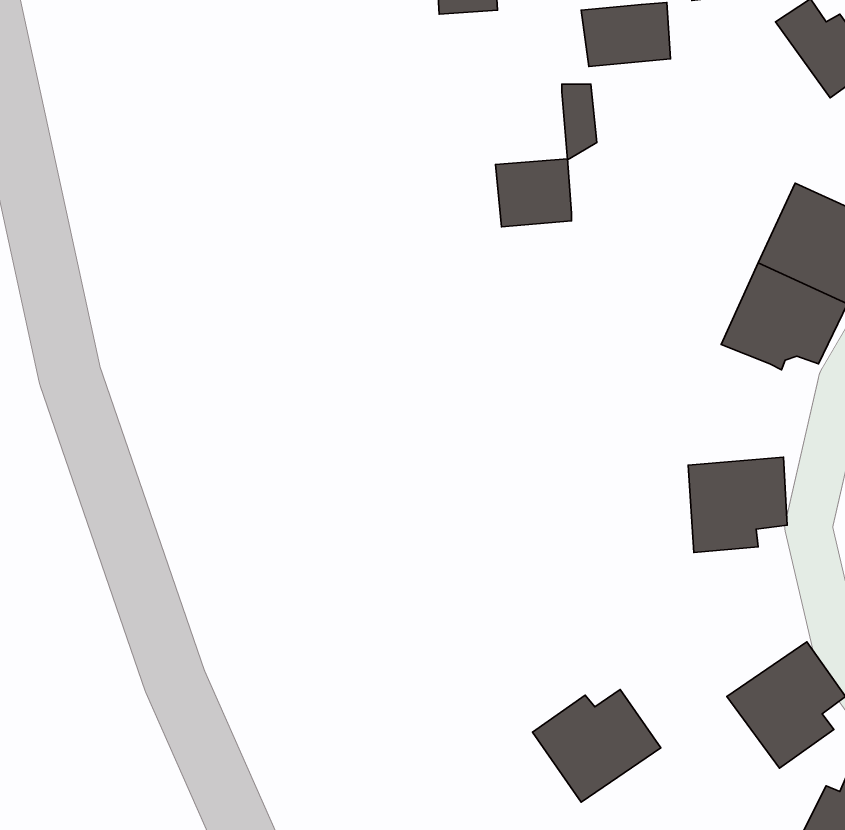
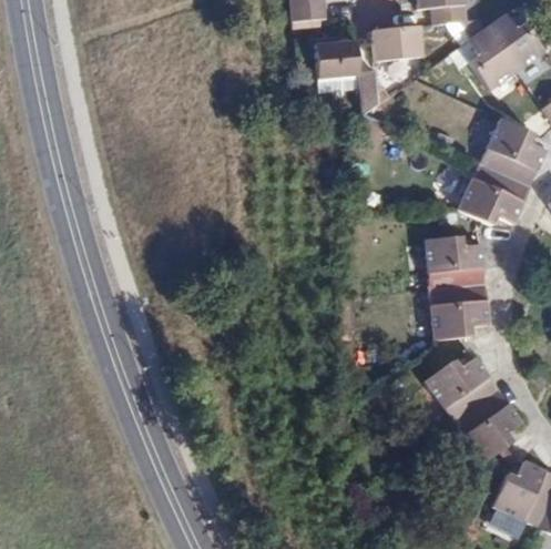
building: none -> [461,34,512,98]
building: [496,159,571,227] -> [316,39,359,78]
building: none -> [427,234,486,287]
building: [533,689,661,802] -> [426,355,499,419]

